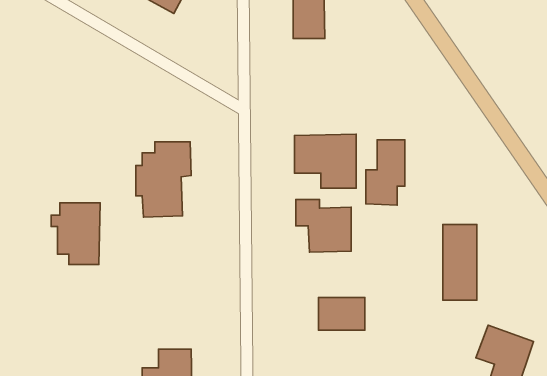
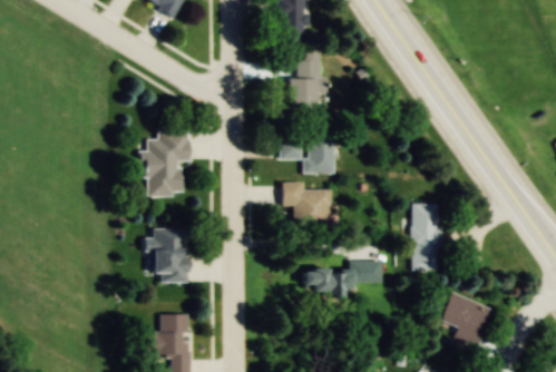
building: [366,140,405,205] -> [287,51,322,109]
building: [51,203,100,264] -> [145,228,188,283]
building: none -> [351,262,378,280]

